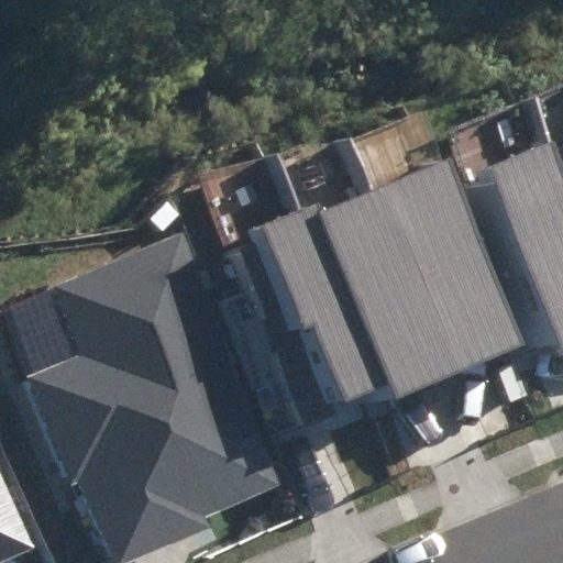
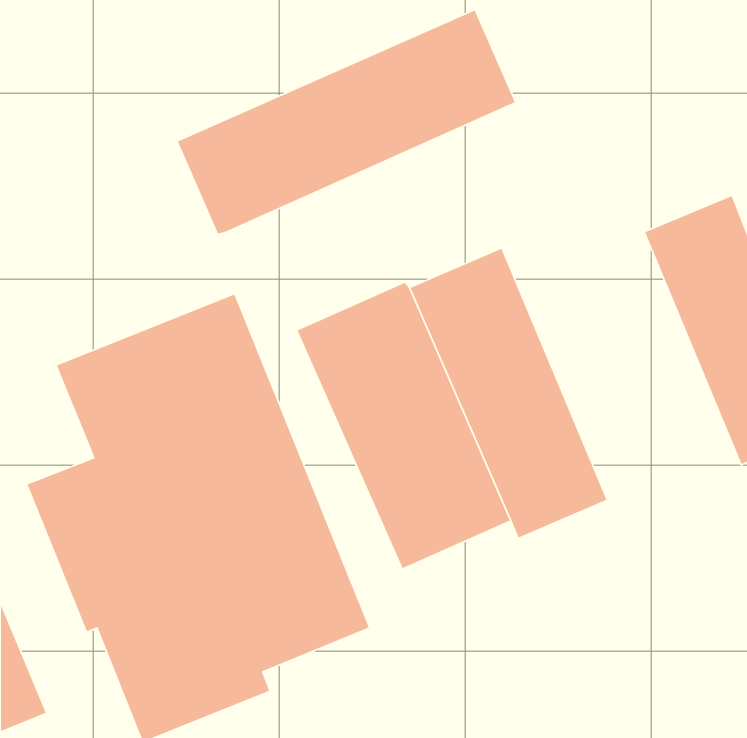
building: none -> [177,10,516,234]
building: [378,165,529,384] -> none

